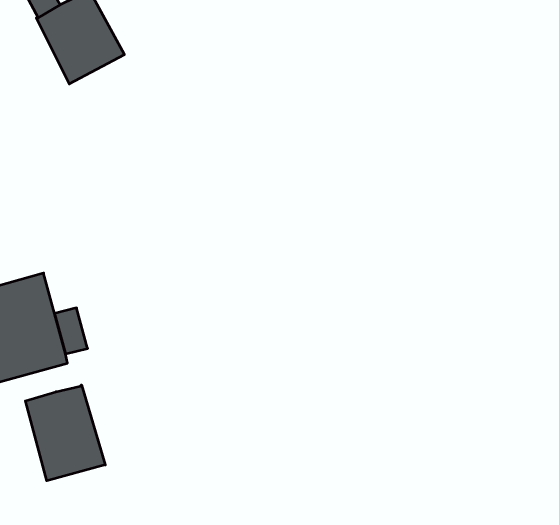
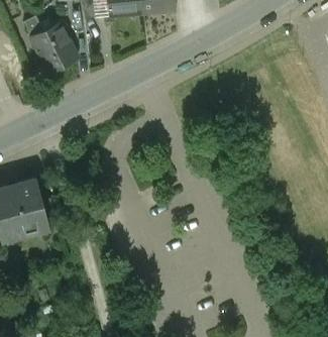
building: [25,385,105,481] -> none

